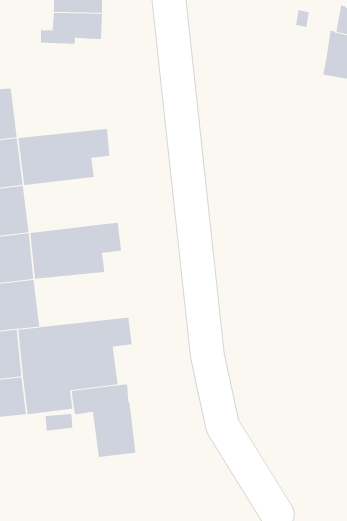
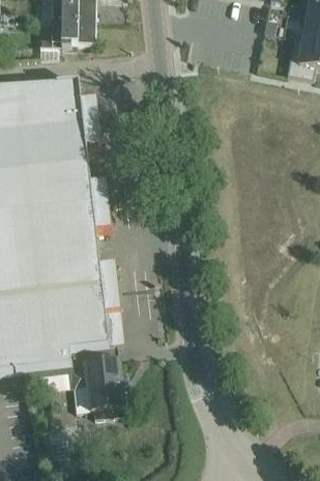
building: none -> [16,81,99,130]
building: none -> [26,164,109,213]
building: none -> [35,247,118,294]

